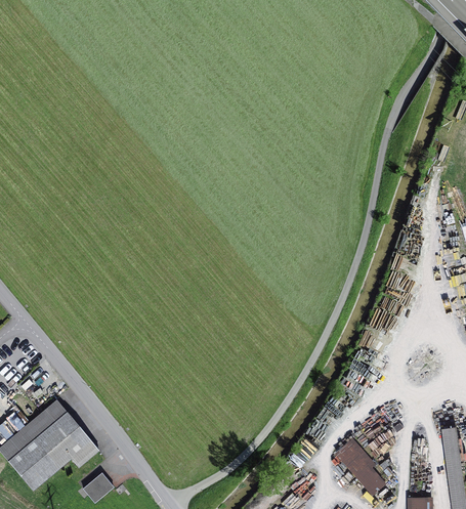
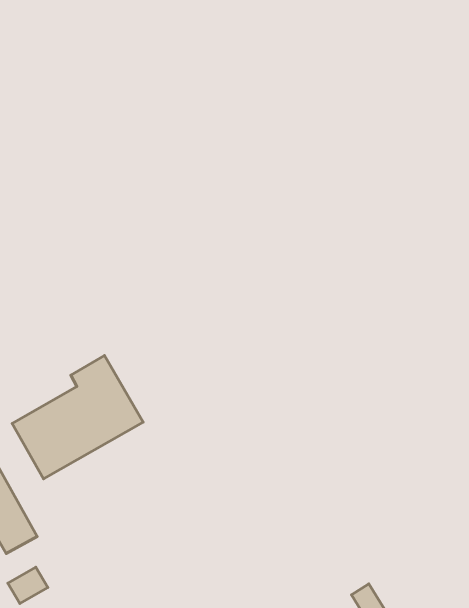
building: none -> [12,355,143,479]

